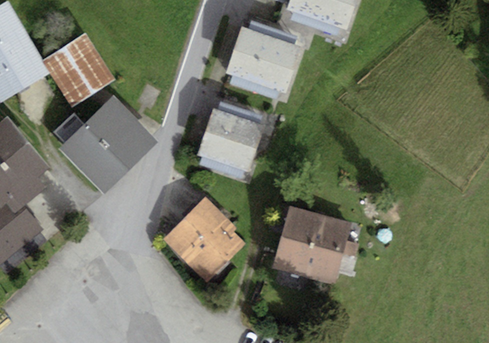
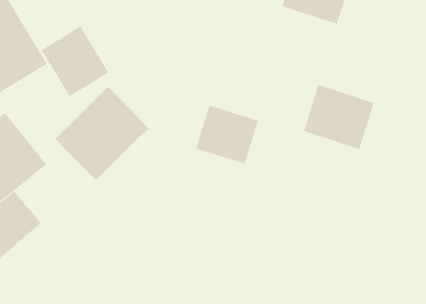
building: [230,31,303,98] -> [303,84,374,150]
building: [163,196,249,281] -> none
building: [272,205,351,282] -> none

